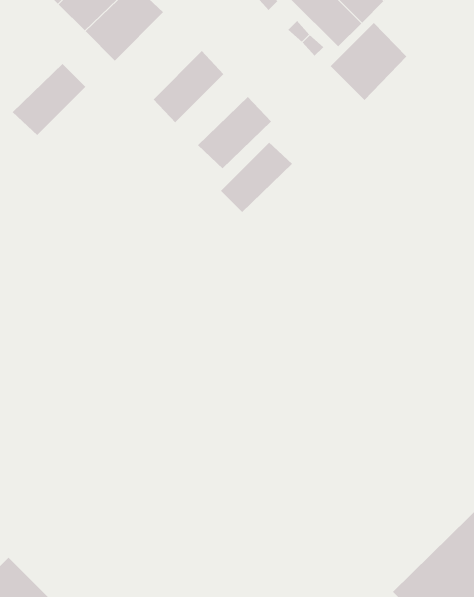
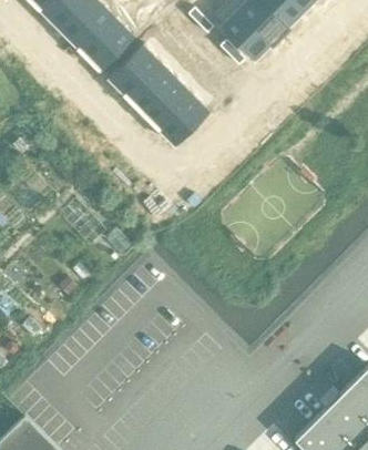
building: [330,22,407,101] -> none
building: [12,63,86,136] -> [109,44,161,95]
building: [220,142,293,213] -> [142,78,193,127]

